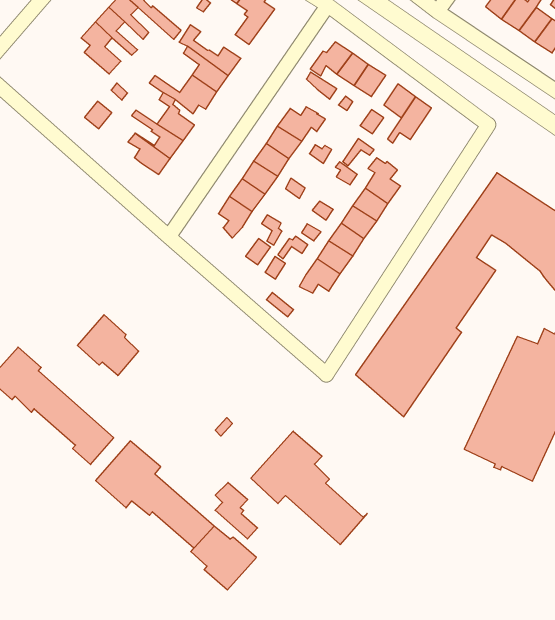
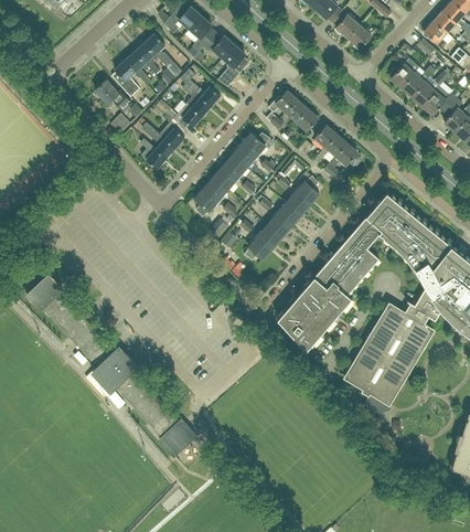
building: none -> [95,81,130,111]
building: none -> [323,143,361,181]
building: [77,315,139,376] -> none
building: [251,431,367,545] -> none
building: [215,482,258,539] -> none

